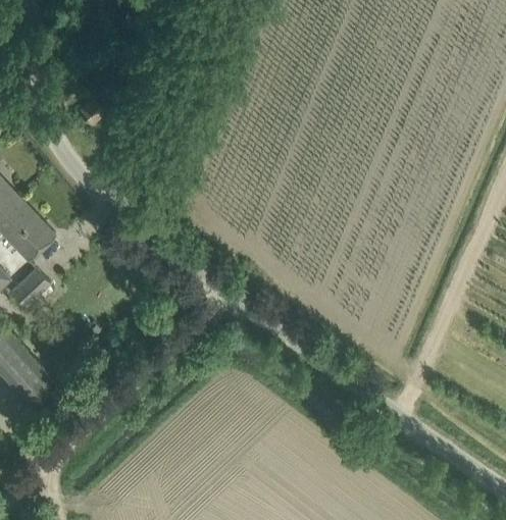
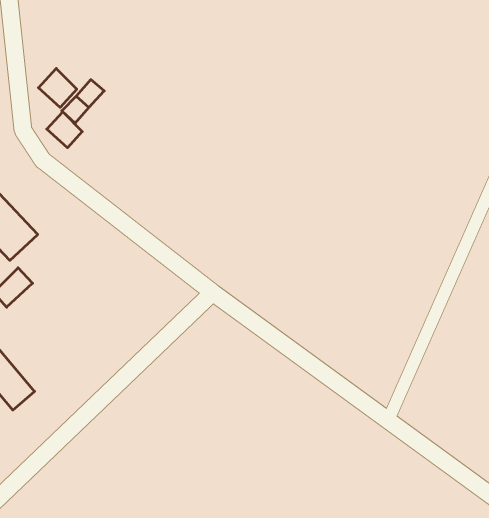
building: none -> [38,68,77,107]
building: none -> [47,112,82,148]

